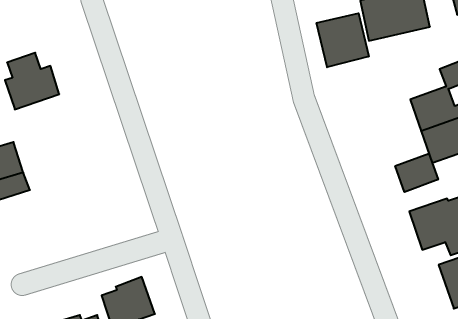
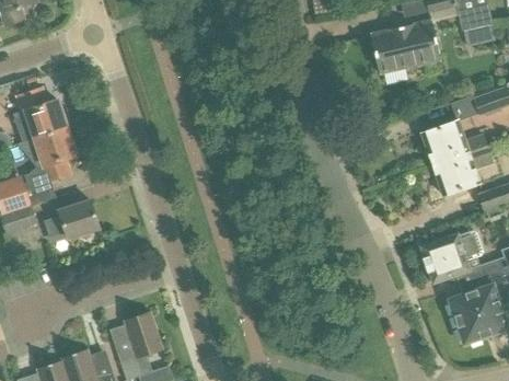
building: [317,13,369,67] -> none
building: none -> [16,127,77,188]
building: [395,153,438,192] -> none
building: none -> [44,200,100,243]

